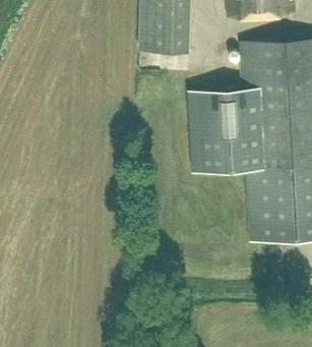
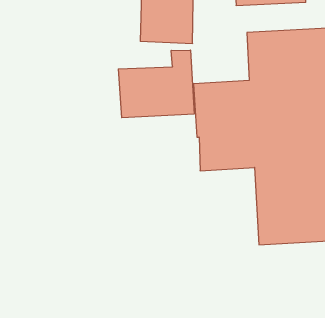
building: none -> [118,50,194,118]

